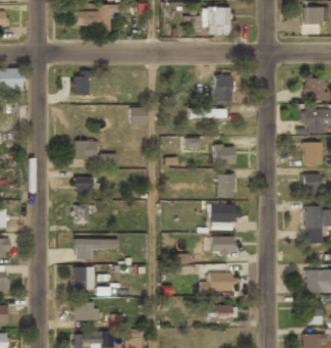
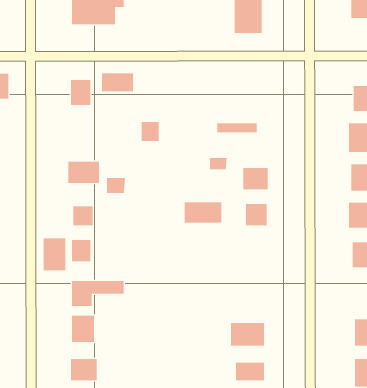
building: none -> [101,72,134,92]
building: [215,76,232,102] -> none
building: none -> [43,237,66,271]
building: [206,204,237,221] -> [184,202,222,223]
building: [211,236,234,254] -> none

